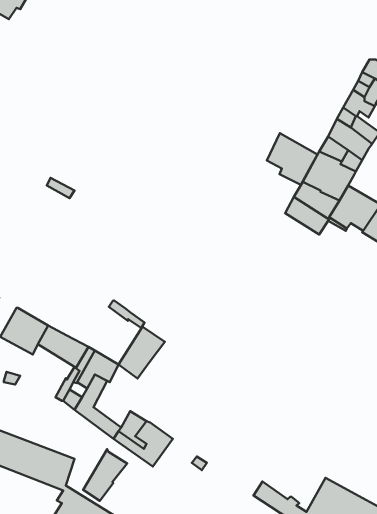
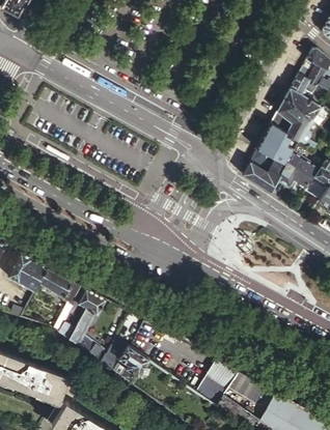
building: [267,133,317,185] -> none
building: [109,300,165,378] -> none
building: none -> [195,361,265,408]
building: [83,449,127,501] -> none

